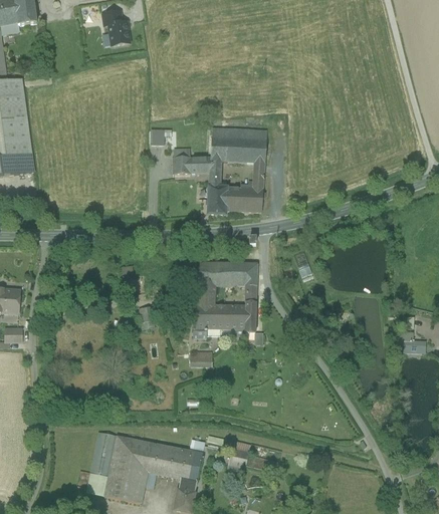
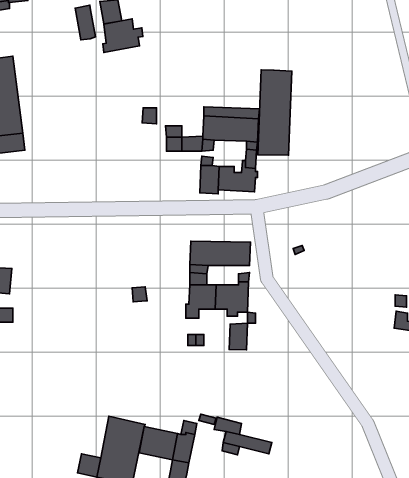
building: none -> [75,5,96,40]
building: none -> [103,19,143,52]
building: none -> [258,70,292,155]
building: none -> [229,323,247,350]
building: [89,431,117,476] -> none

